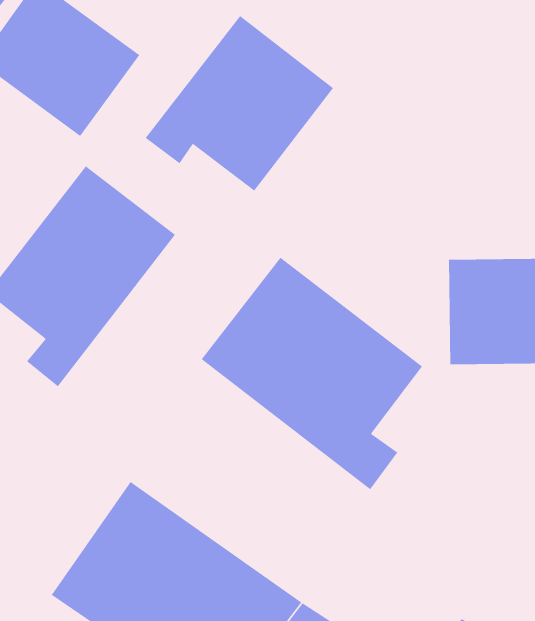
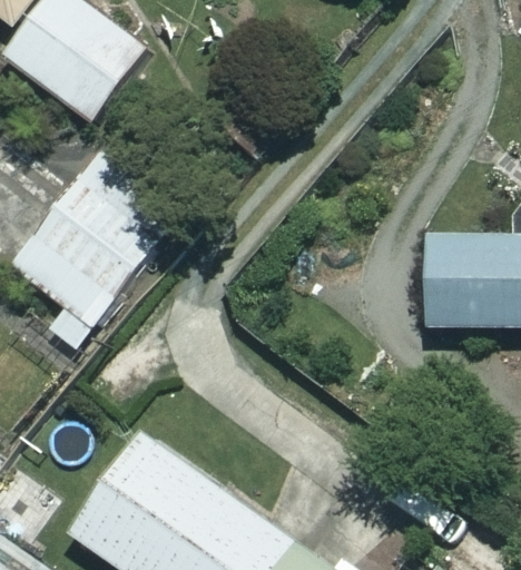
building: [145,15,334,191] -> none
building: [201,257,423,490] -> none

